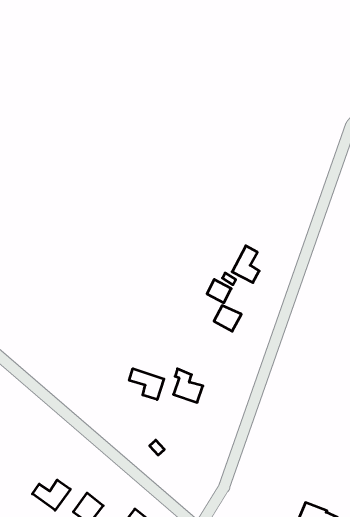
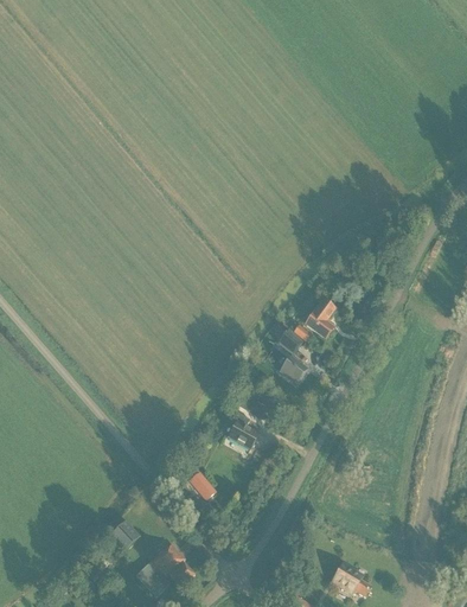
building: [129,369,164,400] -> none
building: [32,480,70,510] -> none

